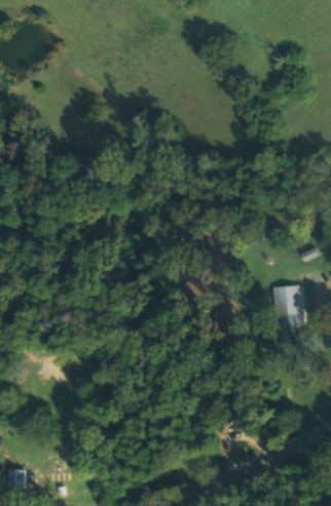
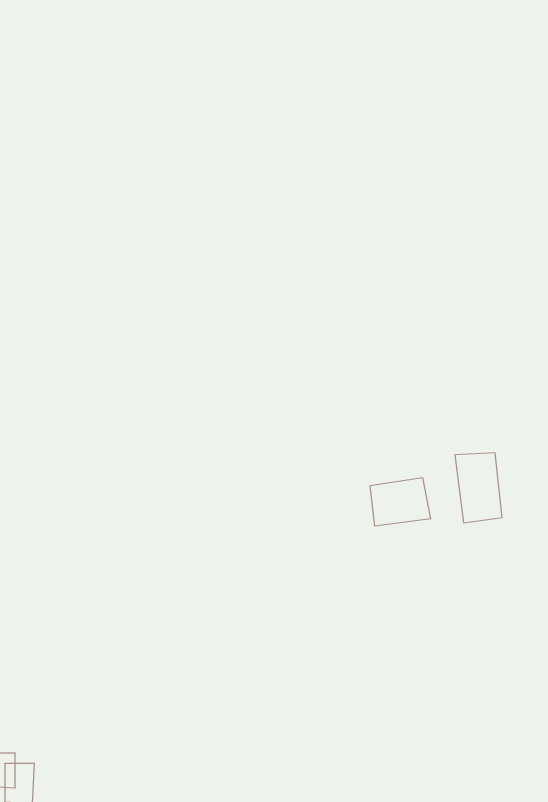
building: none -> [370,478,431,526]

